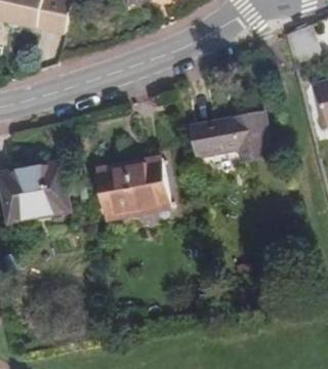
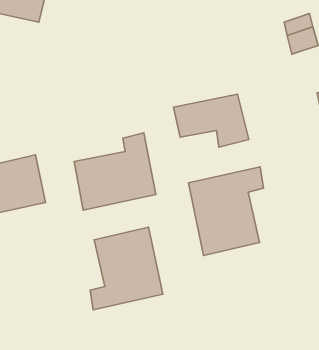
building: none -> [188,167,263,256]
building: none -> [90,227,163,310]

